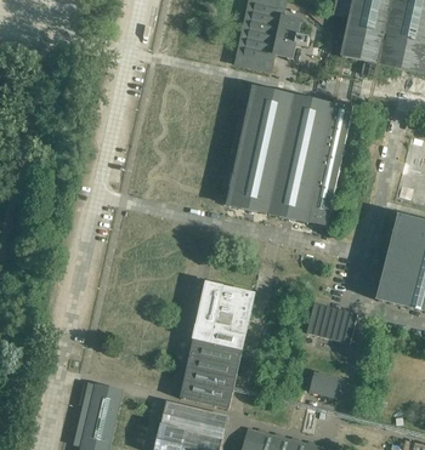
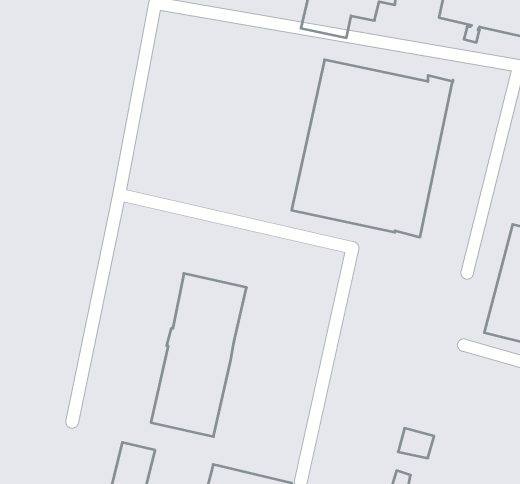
building: [180,281,254,408] -> [151,273,247,437]
building: [306,302,357,342] -> none

